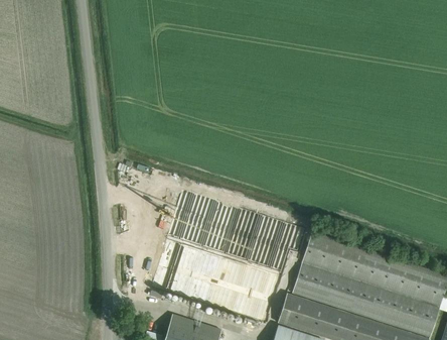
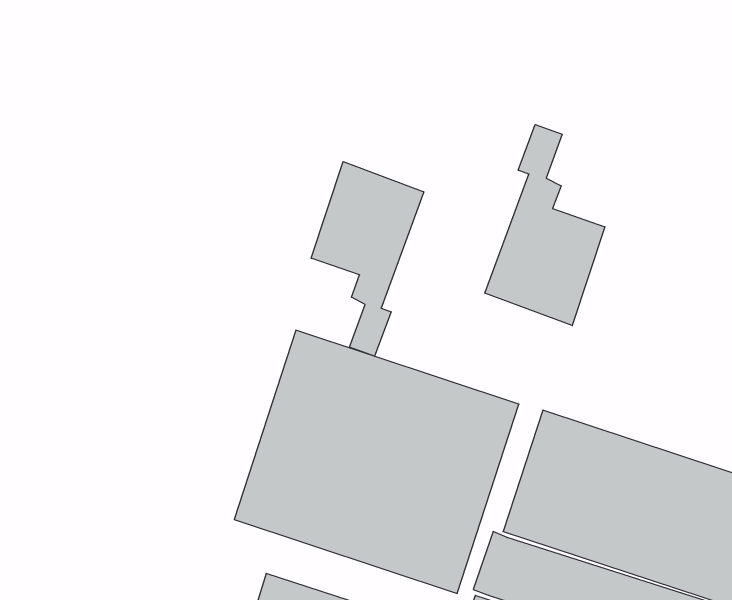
building: none -> [485,125,605,326]
building: none -> [311,162,424,356]

